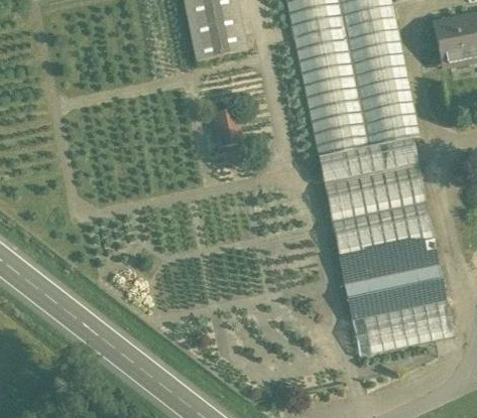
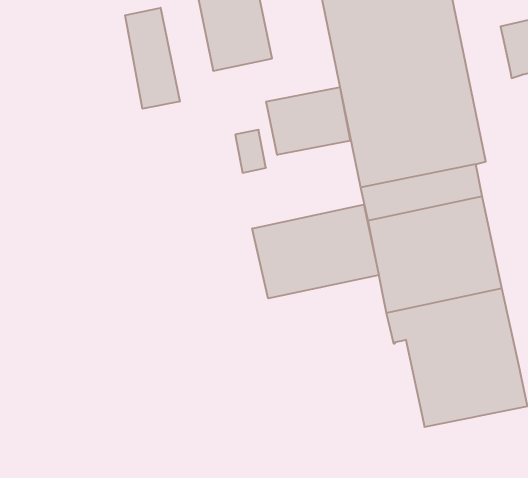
building: none -> [125,8,180,109]
building: none -> [266,87,350,155]
building: none -> [252,205,379,298]

